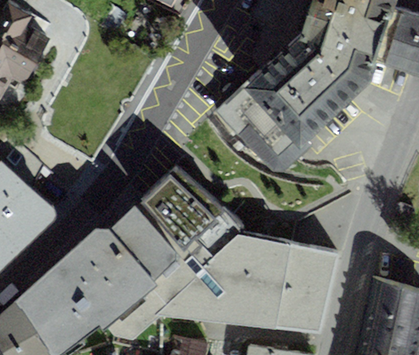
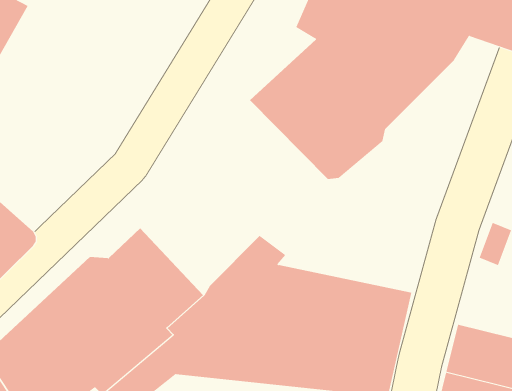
building: [140,166,224,249] -> none

